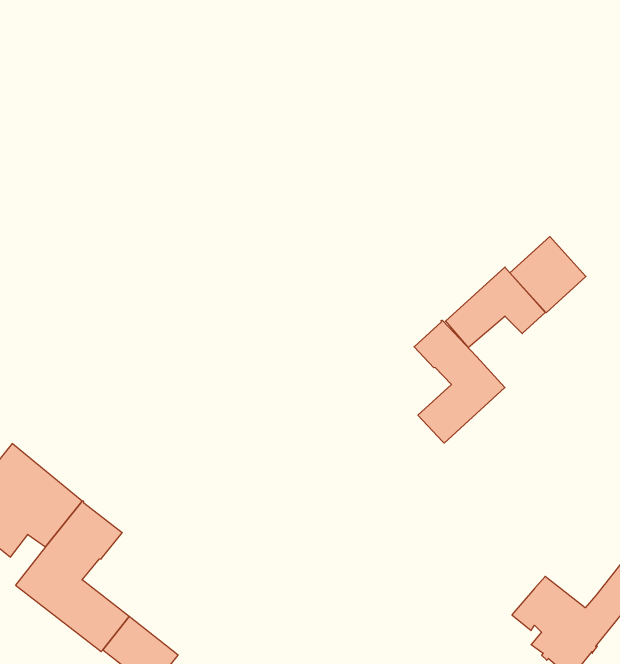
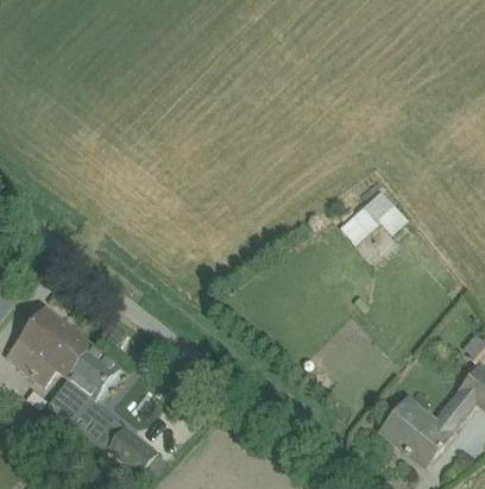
building: [510,237,586,313] -> none
building: [414,320,505,443] -> none

